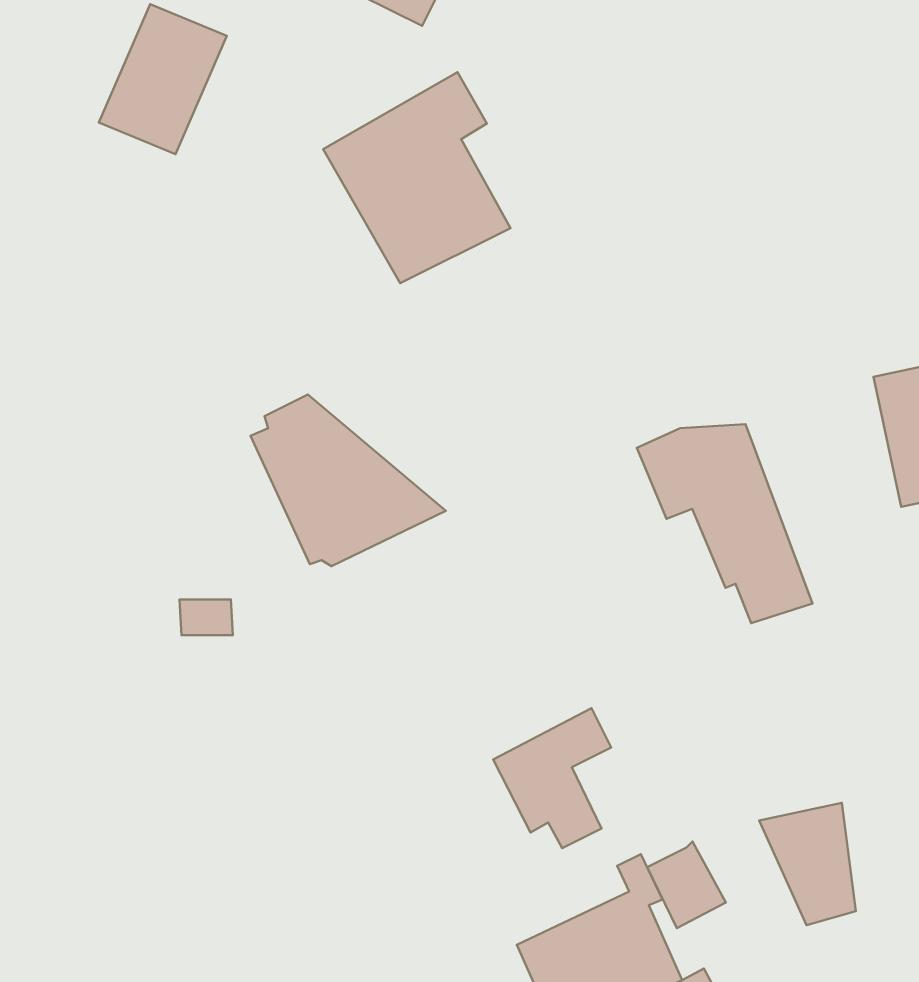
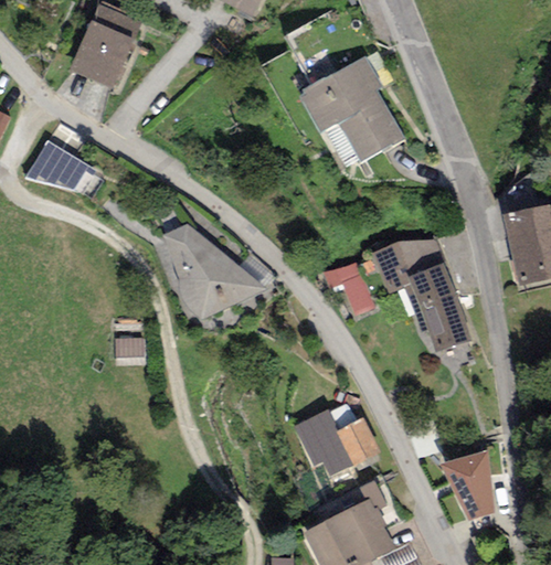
building: [323,72,511,283] -> [300,52,405,170]
building: none -> [25,141,89,192]
building: none -> [324,263,375,316]
building: [647,841,726,928] -> [336,417,380,466]

